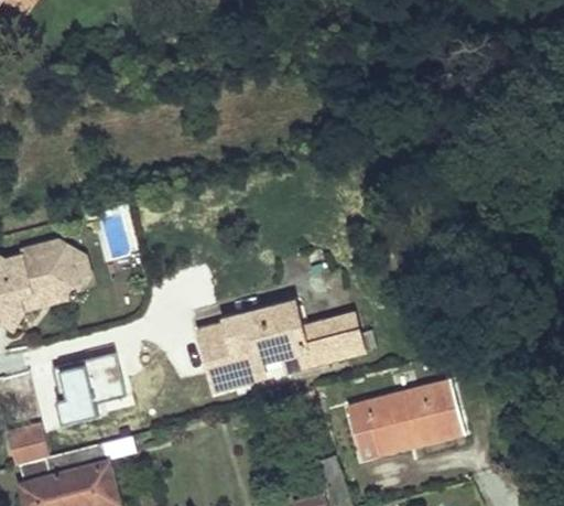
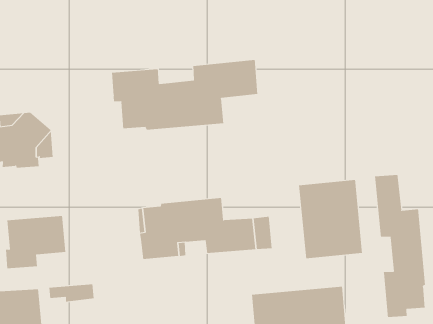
building: none -> [112,59,258,131]
building: none -> [374,174,425,318]
building: none -> [298,179,363,259]

